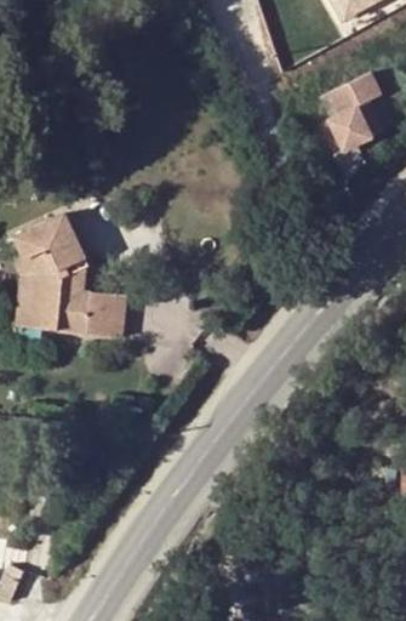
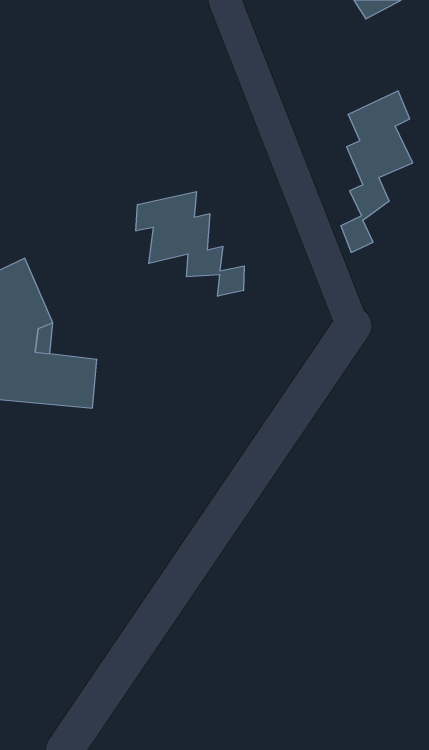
building: none -> [136,192,244,296]

